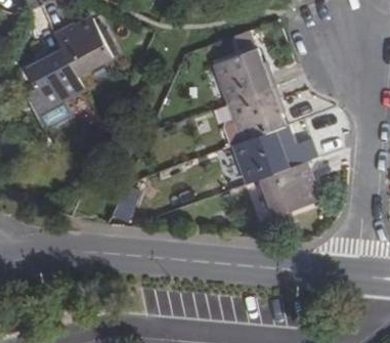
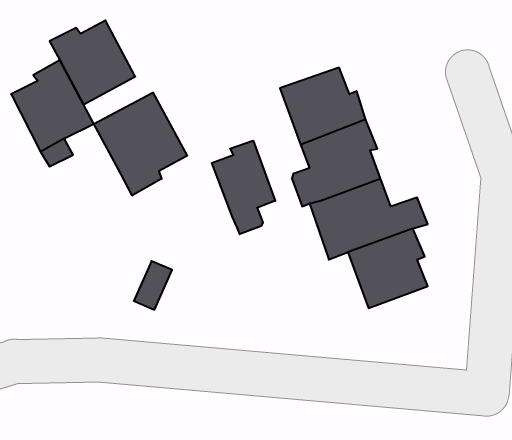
building: none -> [94,93,187,196]
building: none -> [212,141,275,234]

